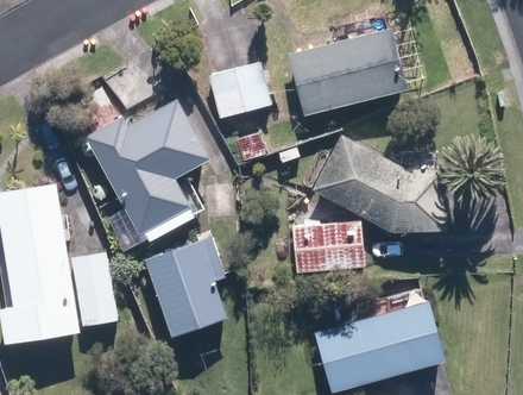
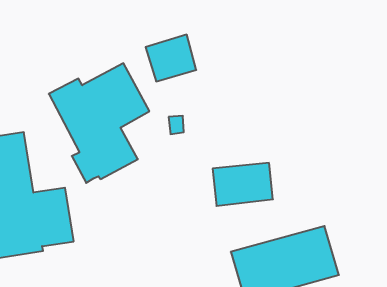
building: [288,26,408,114] -> none
building: [310,133,447,233] -> none
building: [145,240,227,336] -> none

